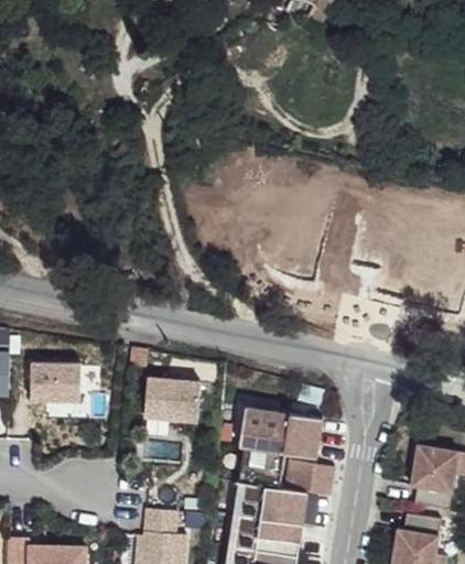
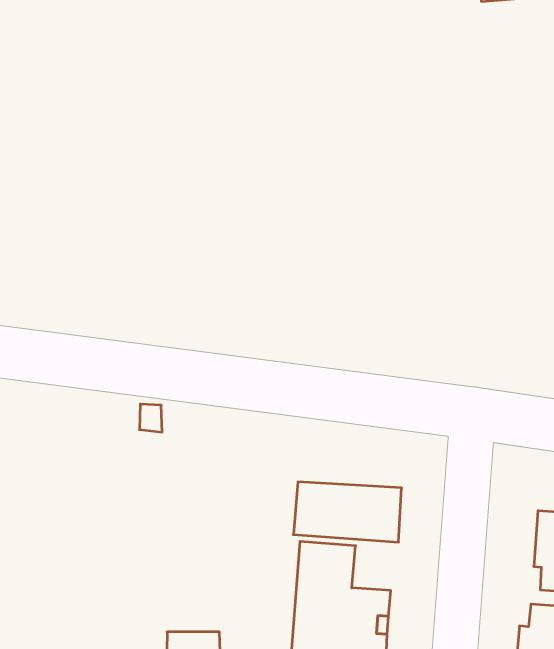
building: [32,358,82,397] -> none
building: [150,381,199,421] -> none
building: [277,460,333,499] -> none

